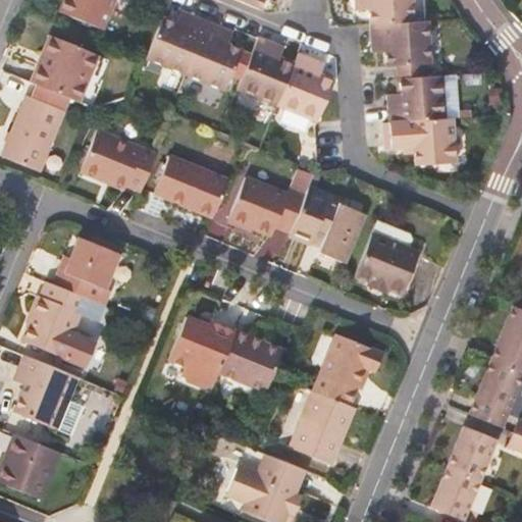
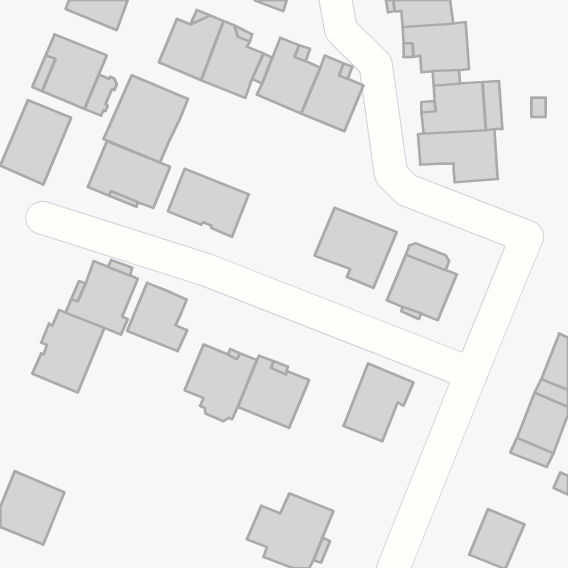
building: none -> [104,75,188,163]
building: [229,171,313,238] -> none
building: none -> [127,283,187,351]
building: [11,354,77,429] -> none
building: [292,390,355,465] -> none
building: [448,428,498,481] -> none

